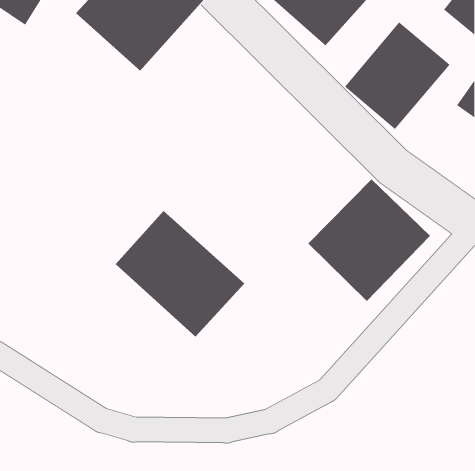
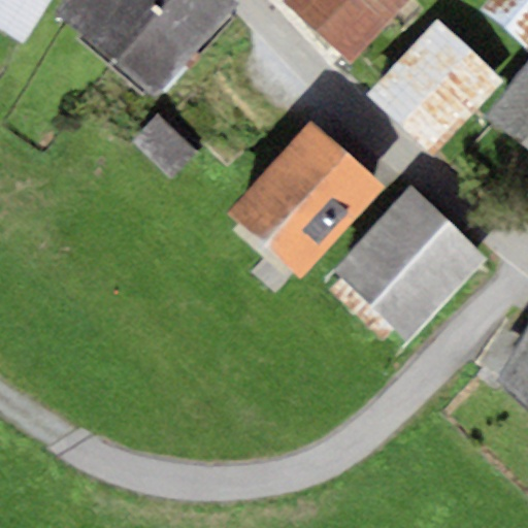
building: none -> [237,132,373,270]
building: [115,210,245,337] -> none

